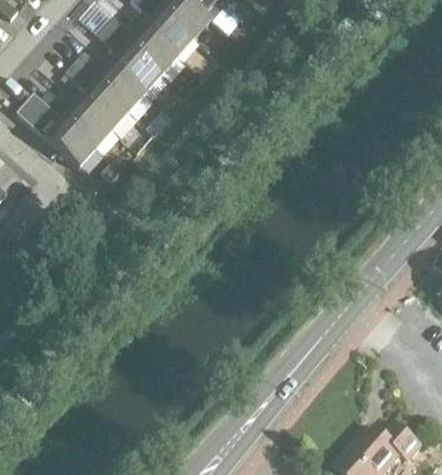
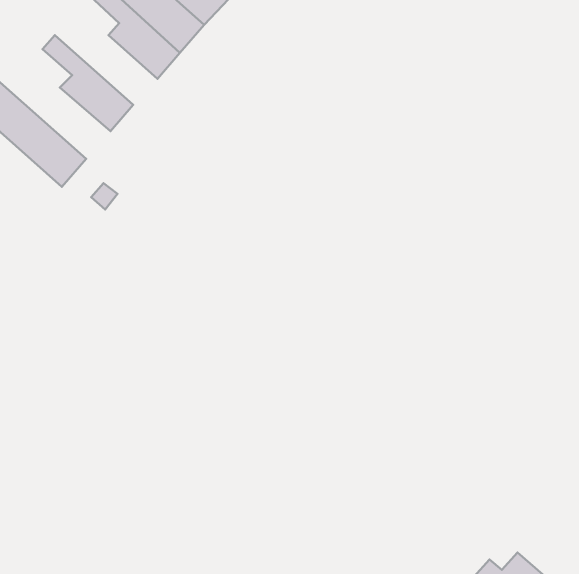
building: [73,55,145,112] -> none
building: [41,91,112,149] -> none

